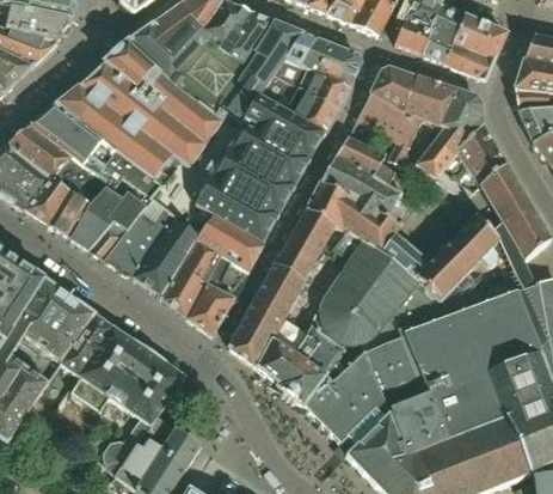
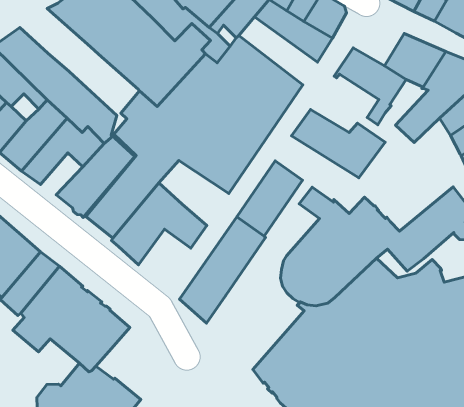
building: [370,65,417,106] -> none
building: [262,72,338,132] -> none
building: [55,83,172,177] -> none
building: [336,135,386,172] -> none
building: [307,181,400,249] -> none
building: [199,214,266,273] -> none
building: [88,216,127,257] -> none
building: [188,280,235,333] -> none
building: [257,321,348,404] -> none

